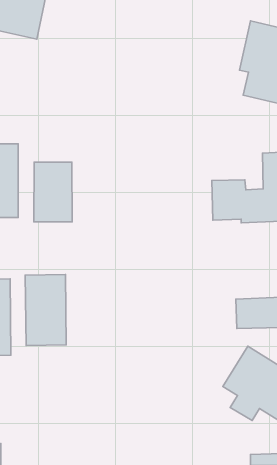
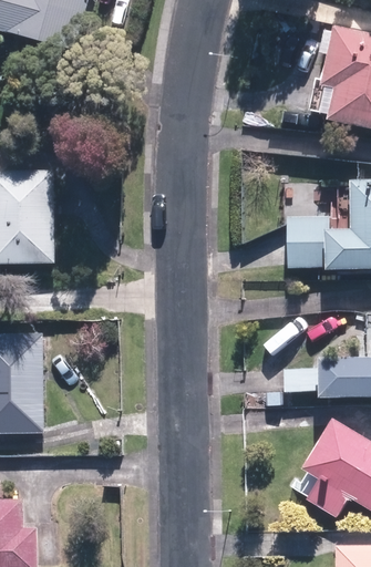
building: [34,162,72,222] -> none
building: [25,274,66,346] -> none

